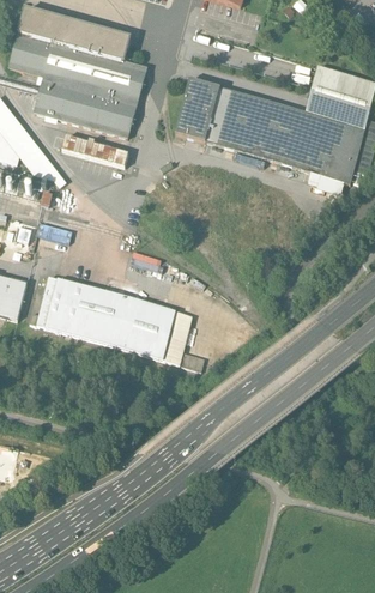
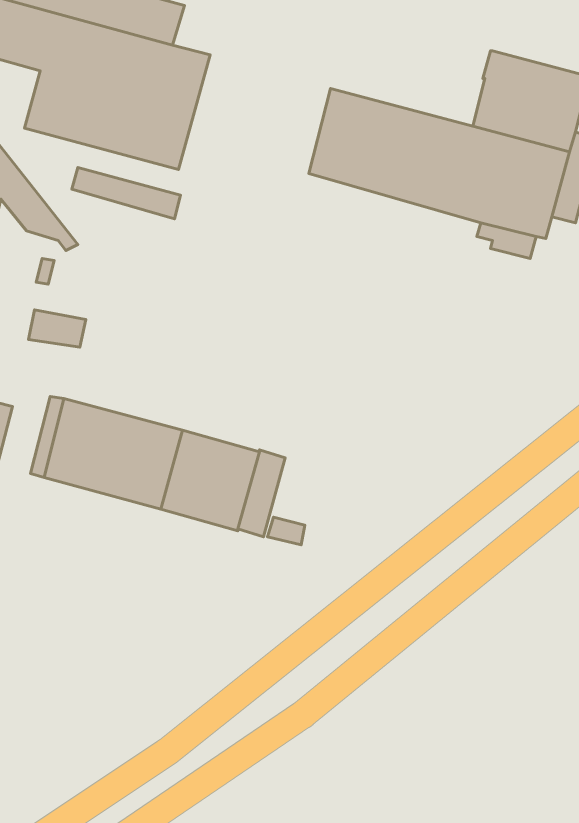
building: [174,78,219,140] -> none

